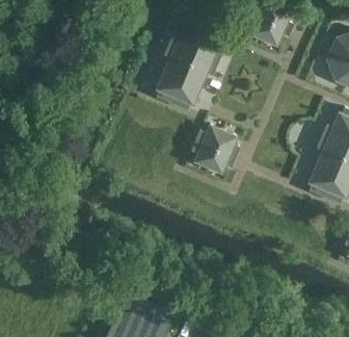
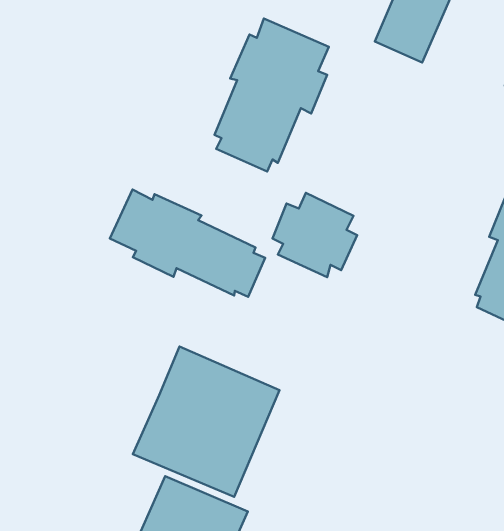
building: none -> [110,190,265,297]
building: none -> [133,346,279,497]

